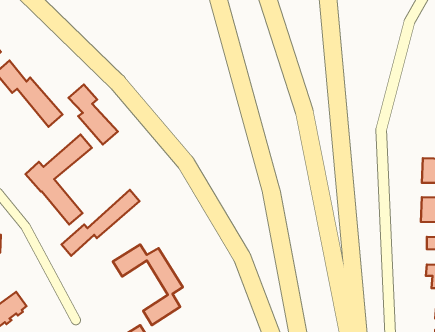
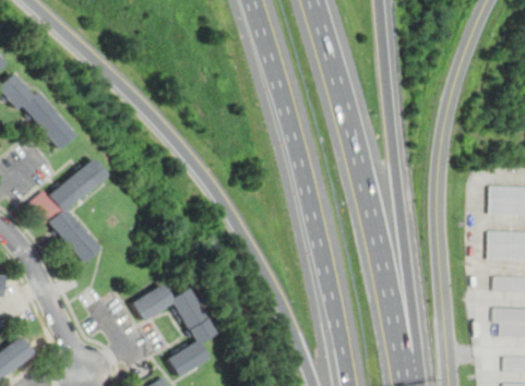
building: [69,85,118,145] -> none
building: [61,190,140,256] -> none

